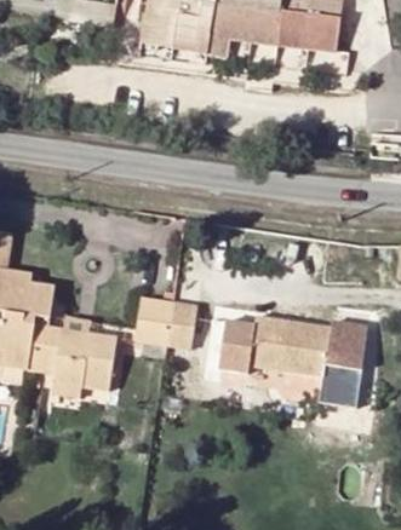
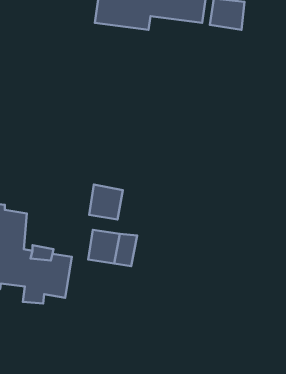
building: none -> [89,185,123,219]
building: [225,317,367,394] -> none

